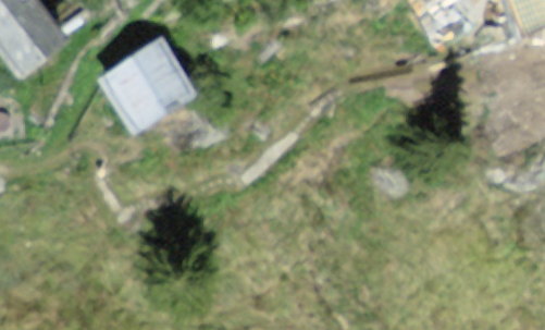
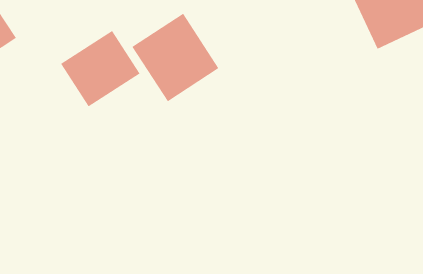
building: none -> [132,13,219,102]

